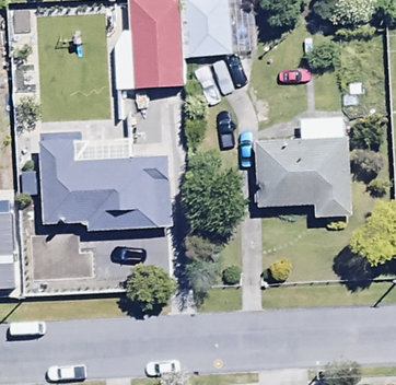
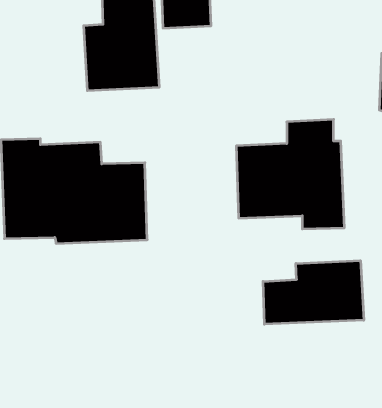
building: none -> [263,261,364,324]

